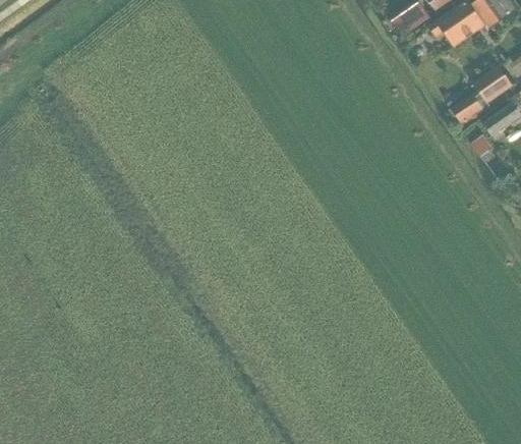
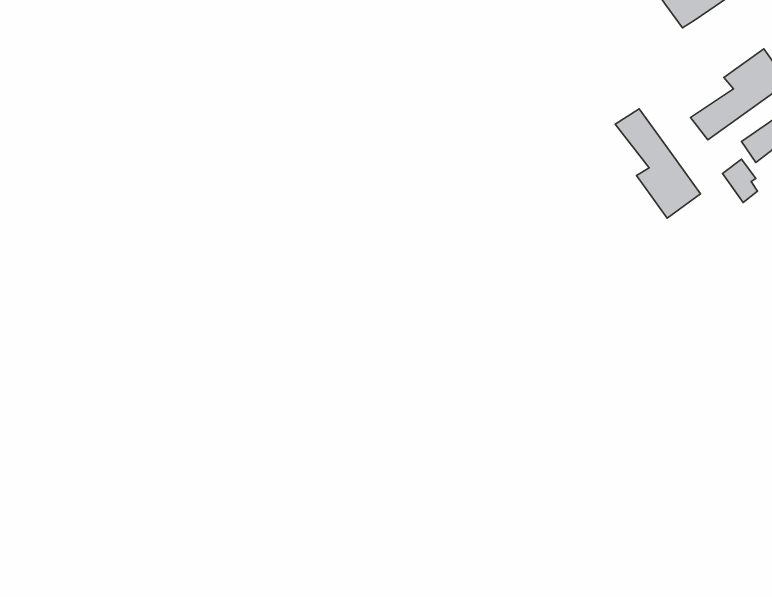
building: none -> [615,109,700,218]

